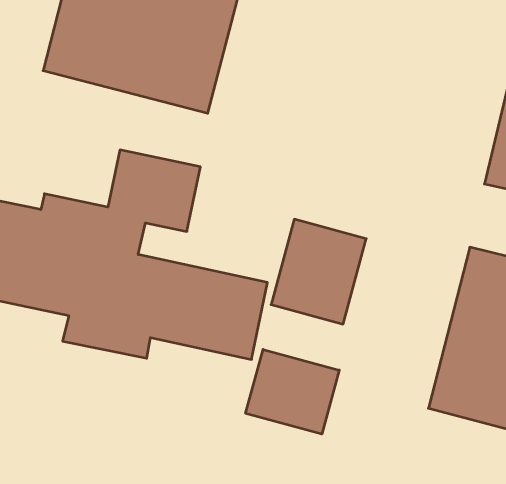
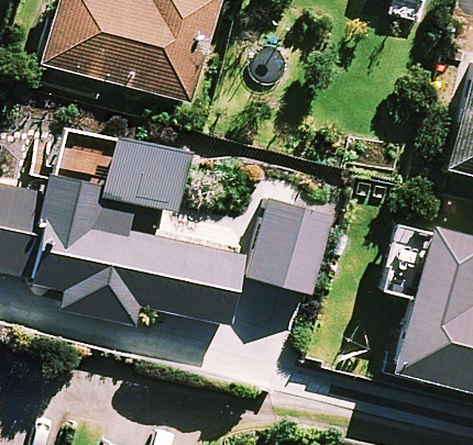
building: [246,349,339,434] -> none

